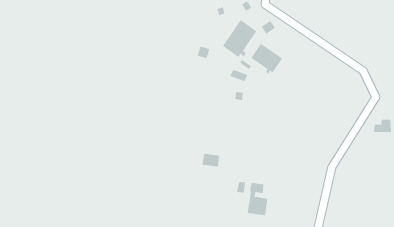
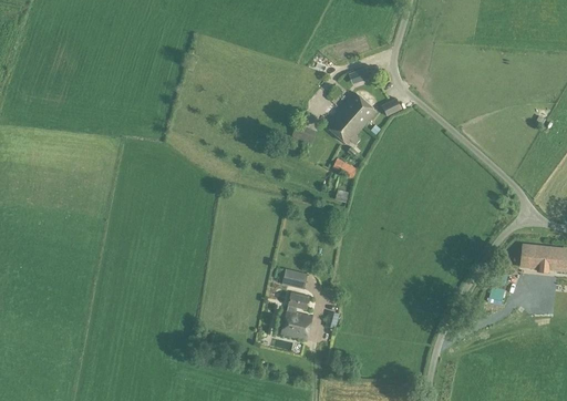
building: [251,43,283,75] -> none
building: [247,182,268,216] -> [281,292,312,340]

